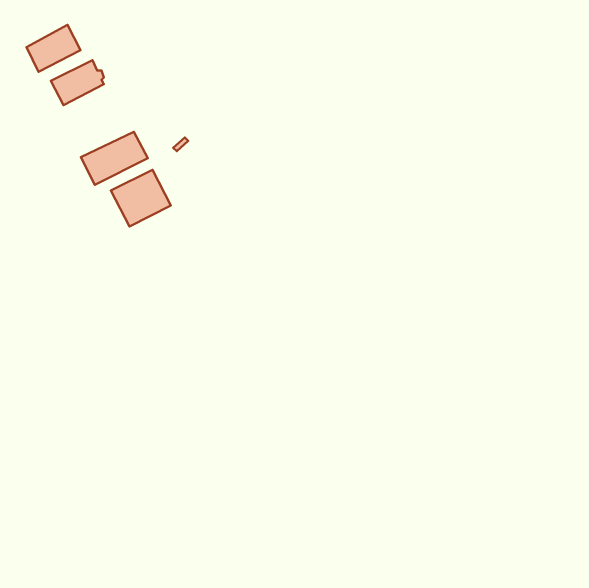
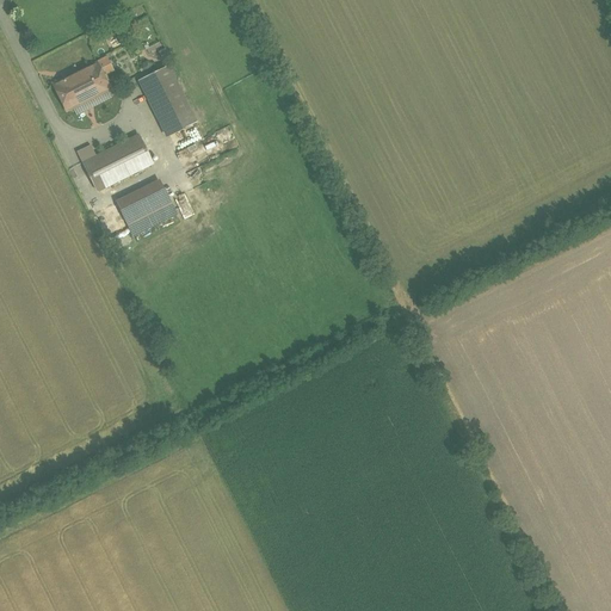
building: [26,25,80,72] -> none
building: none -> [140,67,195,135]

